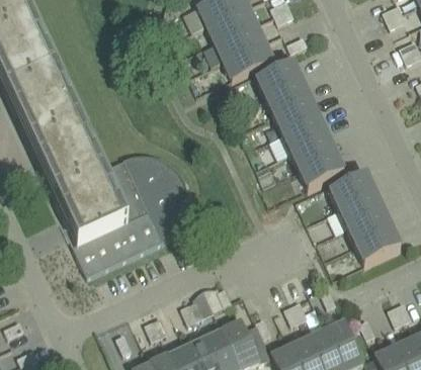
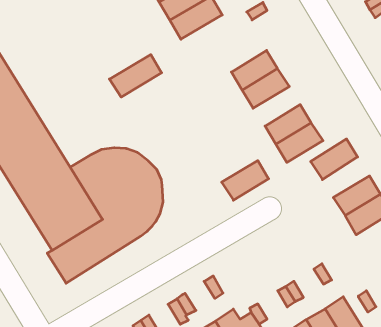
building: [223,41,272,78] -> [109,55,162,97]
building: [258,61,302,96] -> none
building: [282,116,327,151] -> [222,161,269,200]
building: [339,190,384,225] -> none

